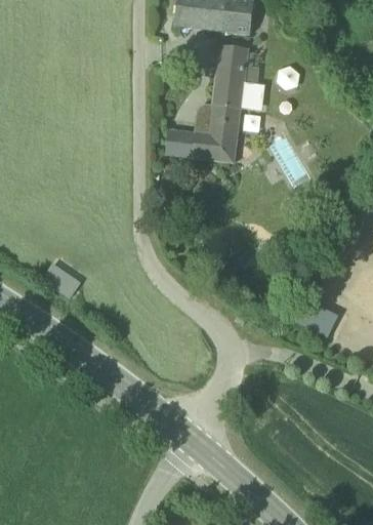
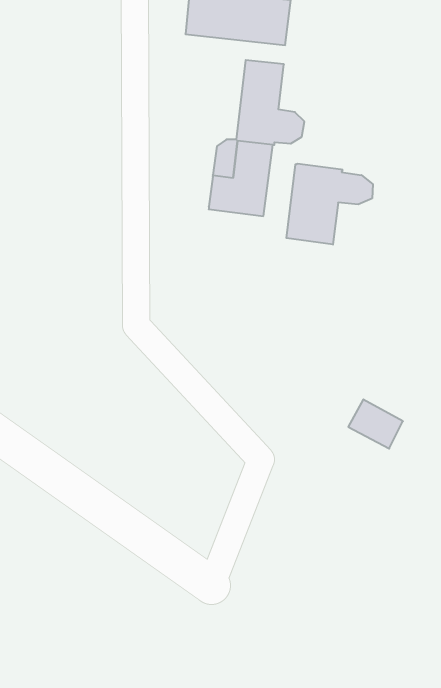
building: none -> [286,164,373,245]
building: [166,129,195,155] -> none
building: [42,261,80,297] -> none

